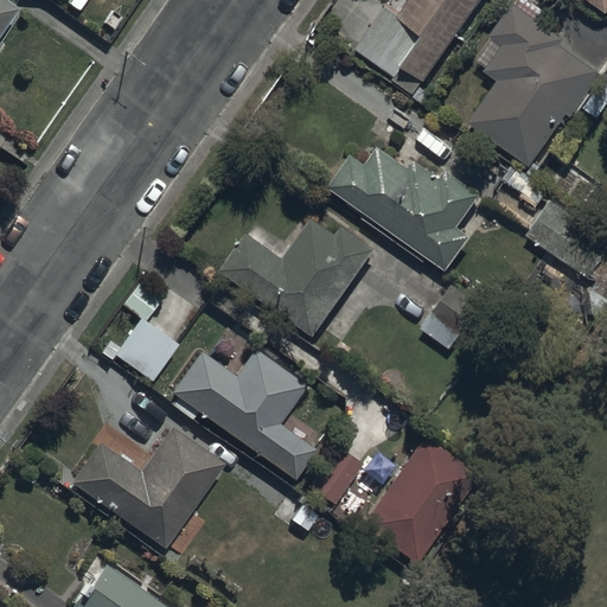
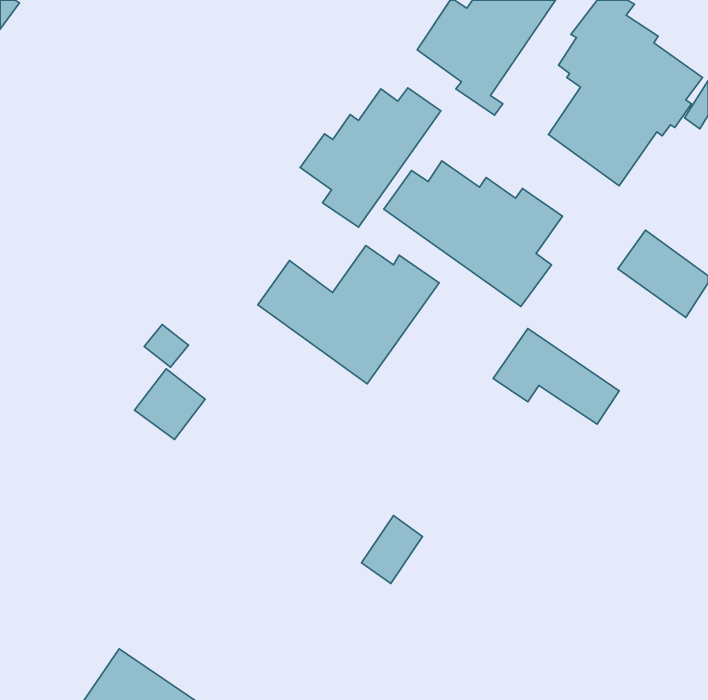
building: none -> [300,88,441,227]
building: [168,350,313,479] -> none
building: [70,426,225,550] -> none
building: [362,437,478,566] -> none

